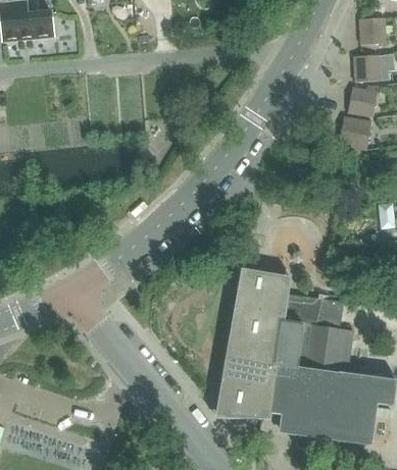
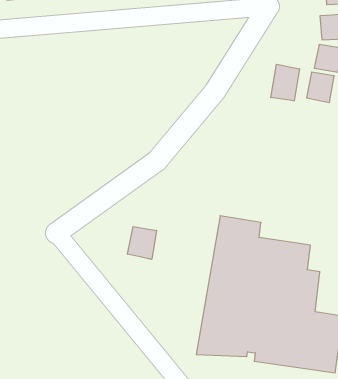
building: none -> [271,64,300,101]
building: none -> [128,227,156,259]

